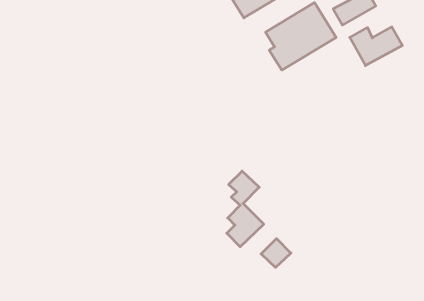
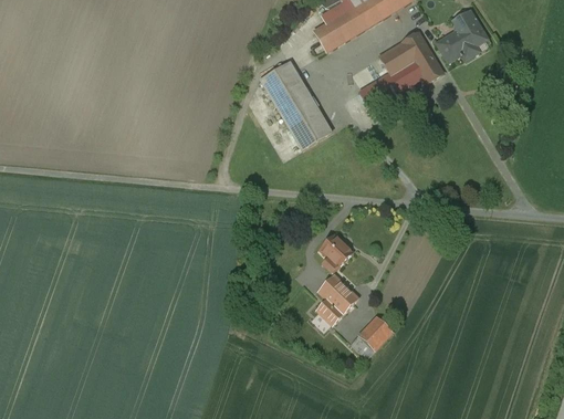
building: none -> [262,57,336,148]
building: [350,27,402,66] -> none

